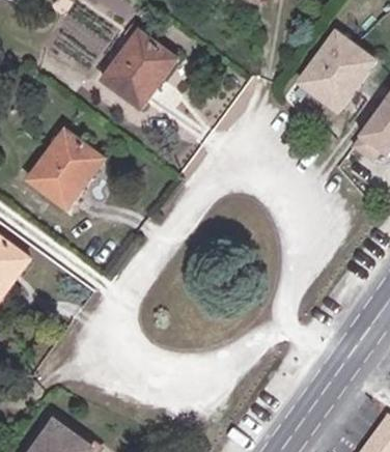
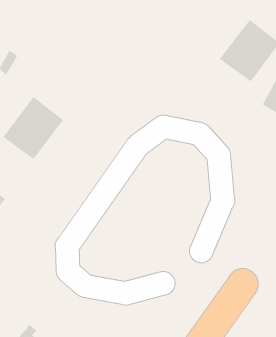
building: [101,28,177,110] -> none

